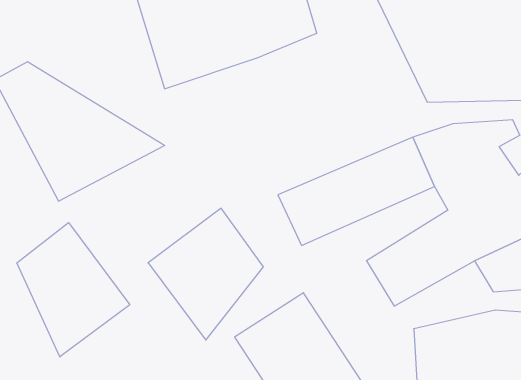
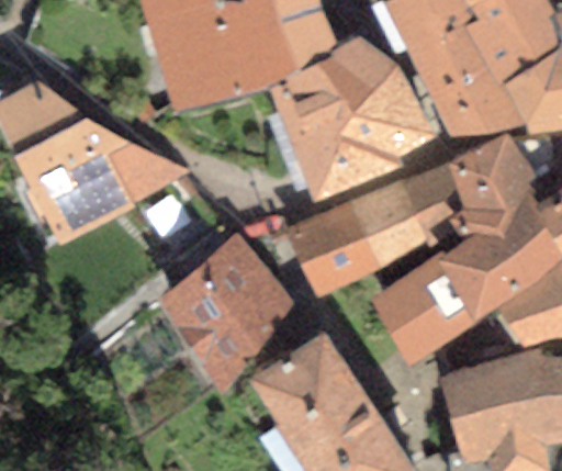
building: none -> [276,42,432,190]
building: [17,223,130,357] -> none

